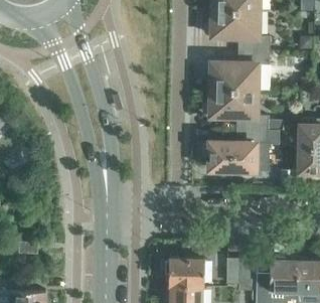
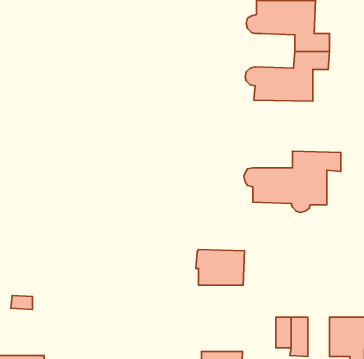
building: [203,89,283,130] -> none
building: [166,259,204,287] -> [196,249,244,285]

